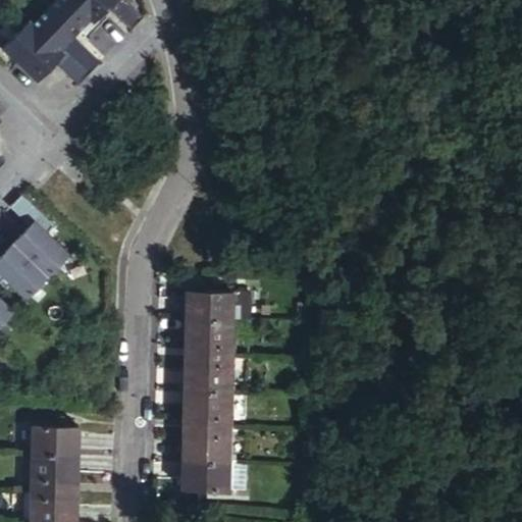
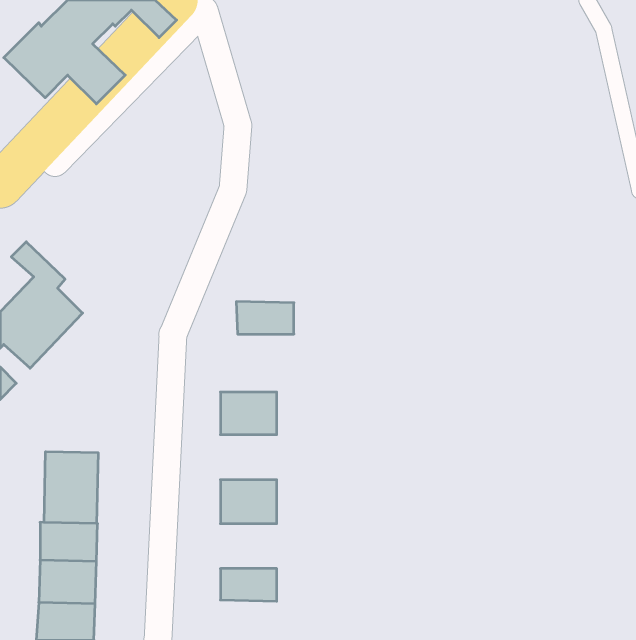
building: [181,293,228,319] -> [236,302,294,334]
building: [182,354,228,390] -> none
building: none -> [44,452,98,523]
building: [182,426,228,463] -> none

